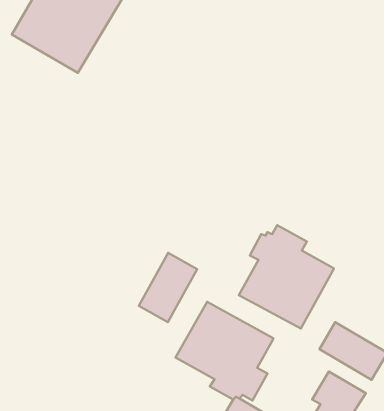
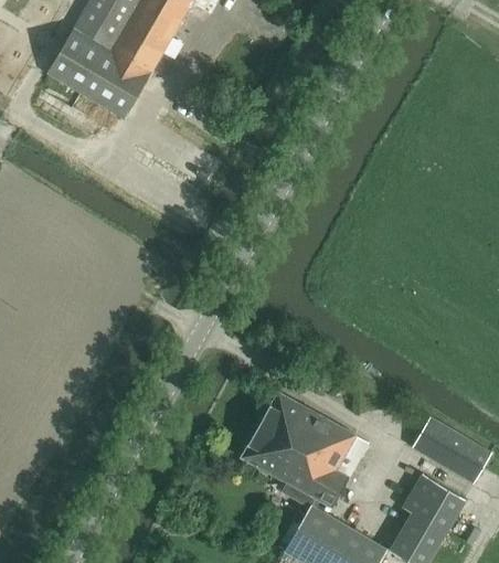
building: [239,225,334,329] -> none
building: [139,253,197,322] -> none

